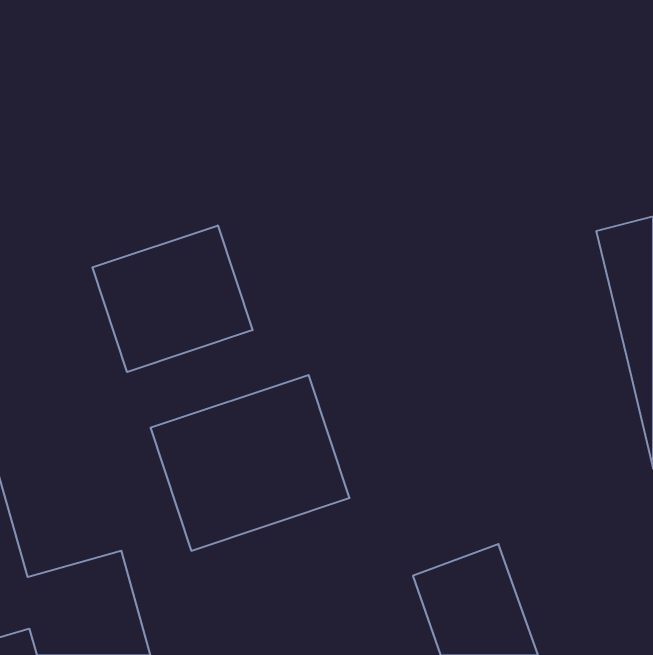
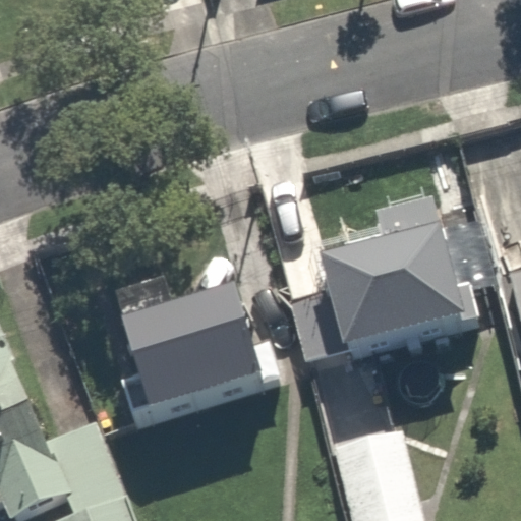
building: [92,225,253,372] -> none
building: none -> [321,197,469,359]

